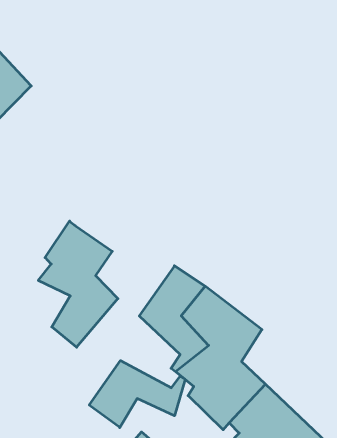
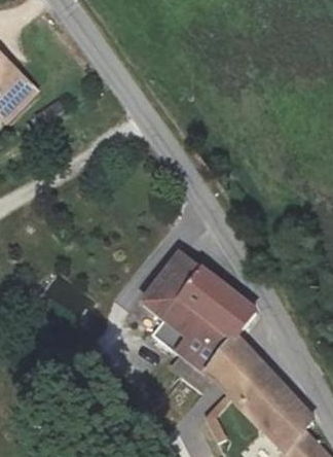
building: [38,221,118,347] -> none
building: [89,361,185,428] -> none

